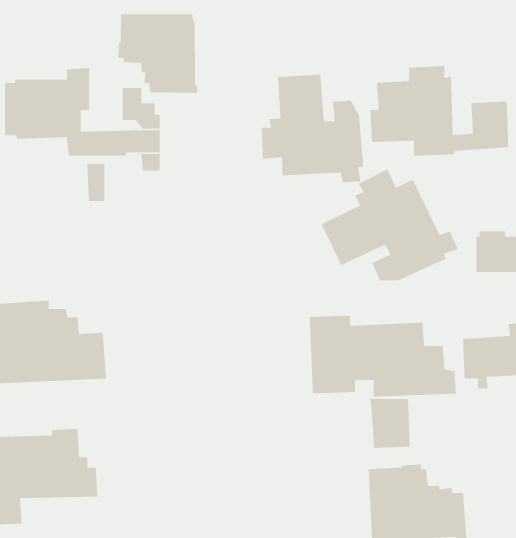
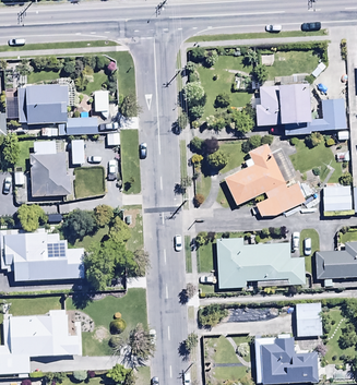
building: [117,14,198,94] -> none
building: [261,74,364,183] -> none
building: none -> [29,140,71,196]
building: [370,398,410,449] -> [296,302,322,335]

